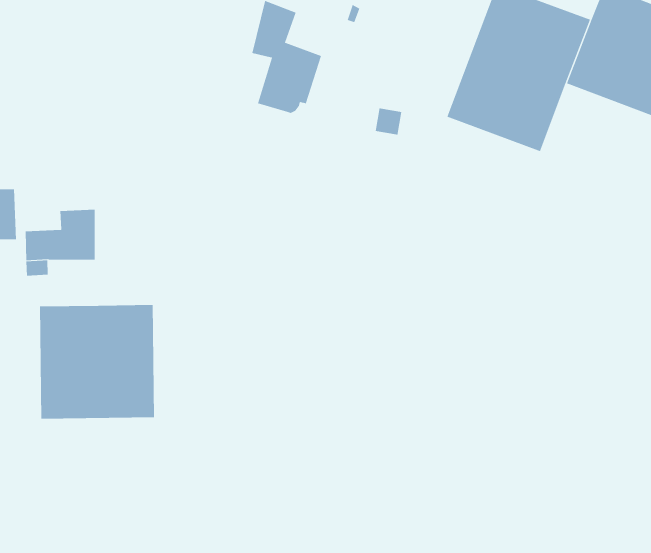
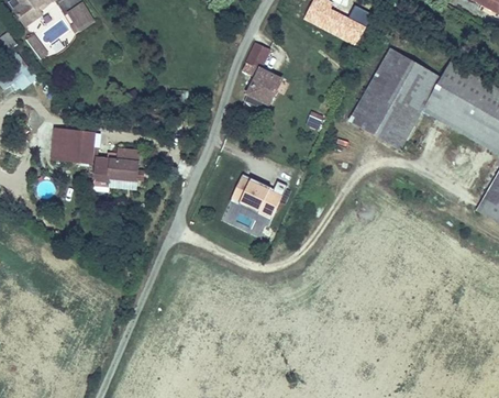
building: none -> [231,174,287,219]
building: [40,304,155,419] -> none

